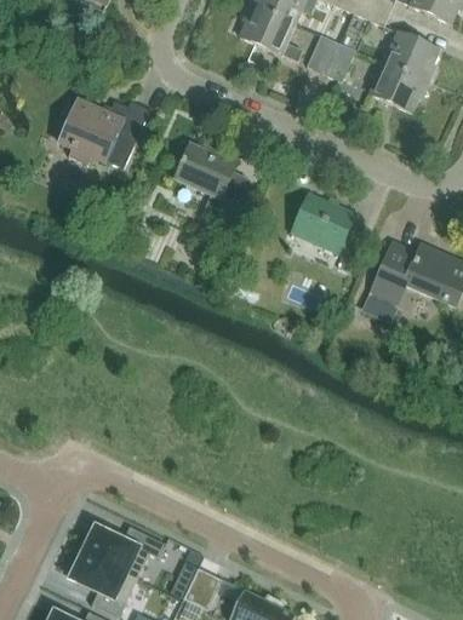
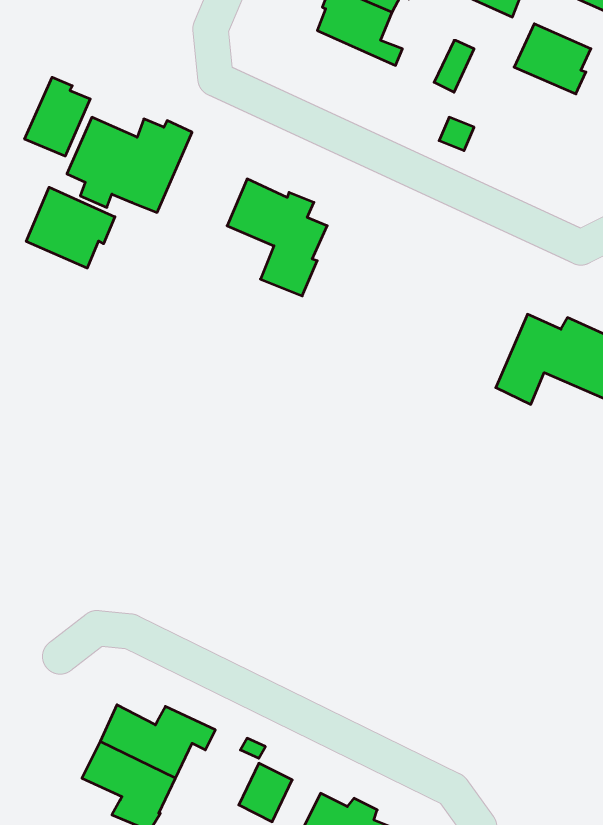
building: [303,33,338,73] -> none
building: [368,62,427,110] -> none
building: none -> [25,77,90,156]
building: none -> [26,187,115,268]
building: [290,190,362,260] -> none

